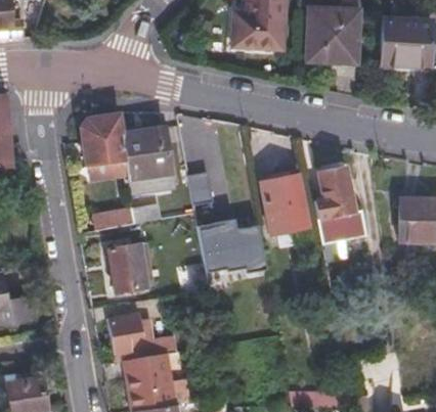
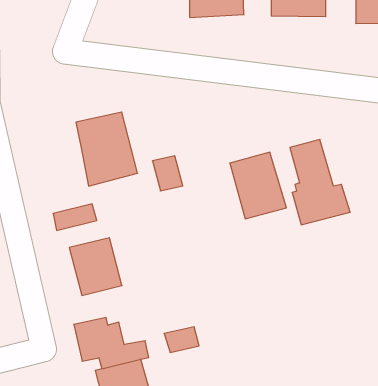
building: [82,115,126,164] -> none
building: [199,218,267,278] -> none

